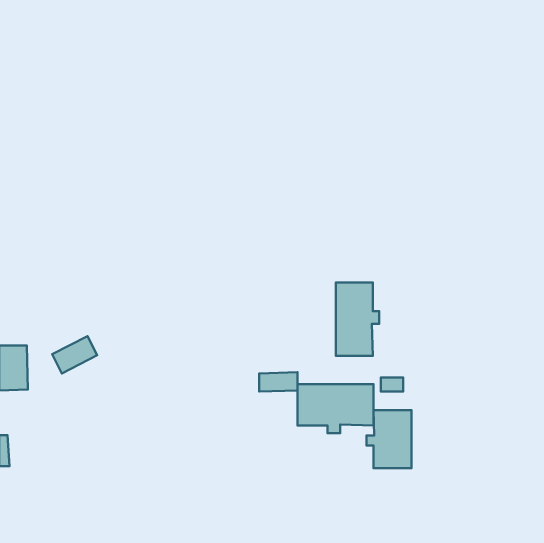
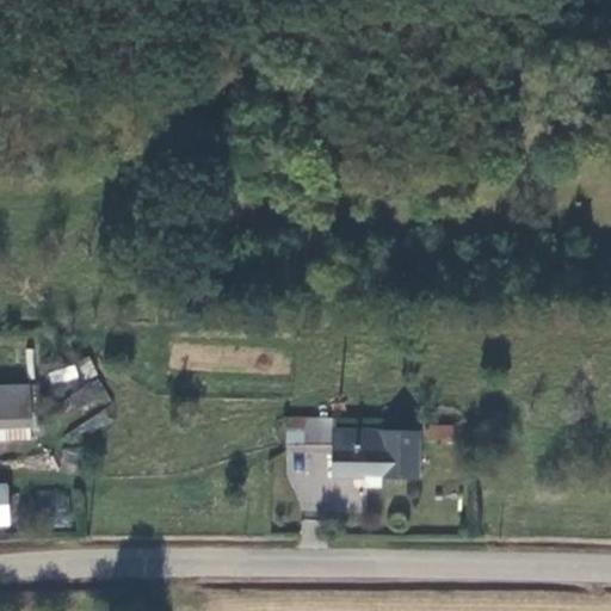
building: [336,282,379,356] -> none
building: [366,410,412,468] -> none

